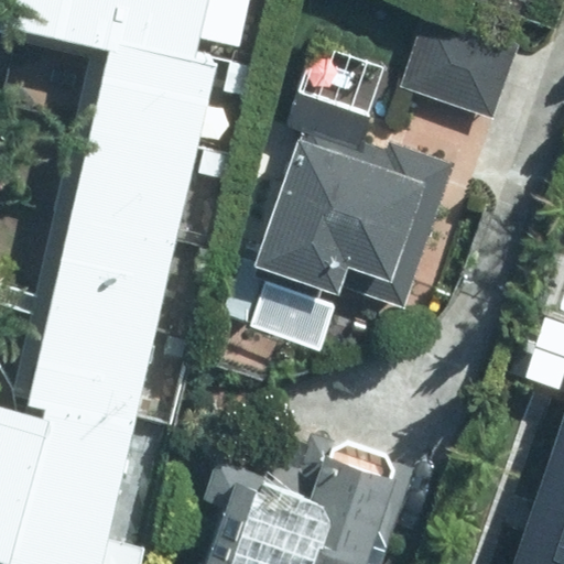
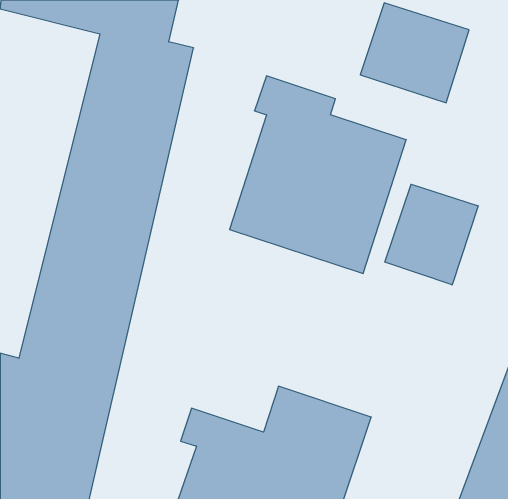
building: none -> [385,184,478,285]

